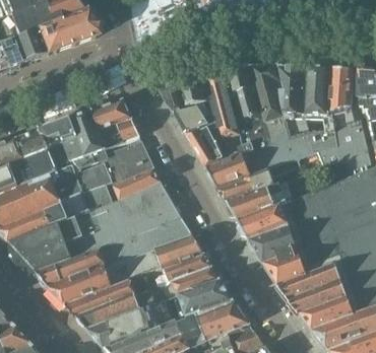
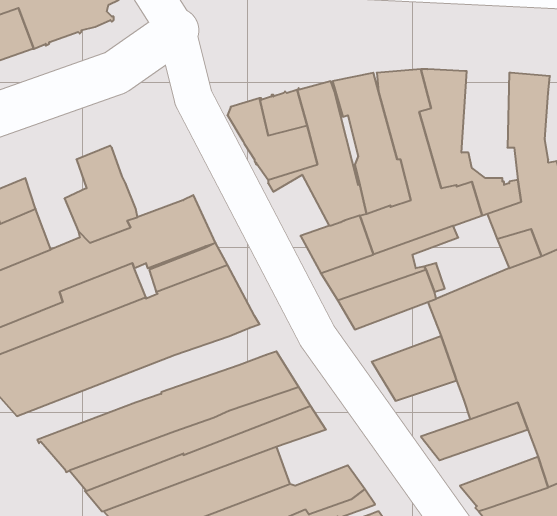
building: [303,67,336,135] -> none
building: [93,101,141,149] -> none
building: [42,120,78,173] -> none
building: [190,129,224,165] -> none
building: [239,205,291,240] -> none
building: [37,218,192,287] -> none
building: [263,252,308,285] -> none
building: [192,281,235,314] -> none
building: [290,281,349,314] -> none

